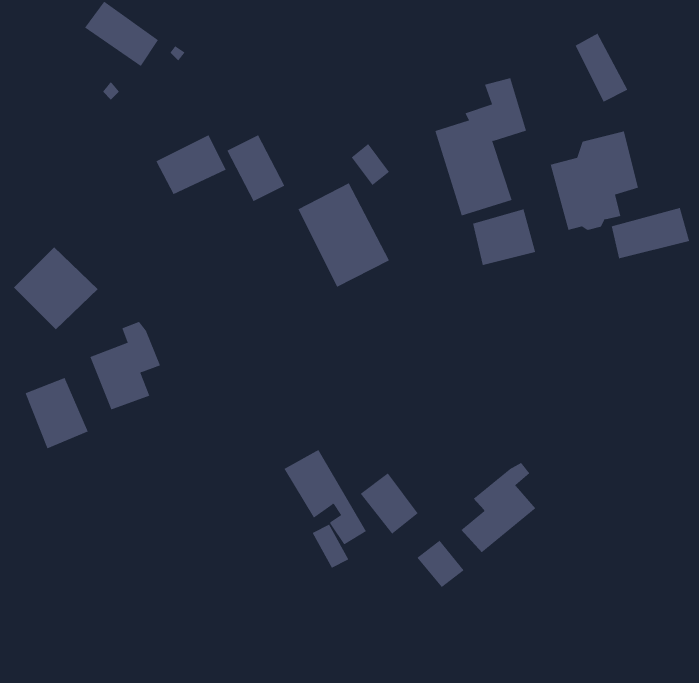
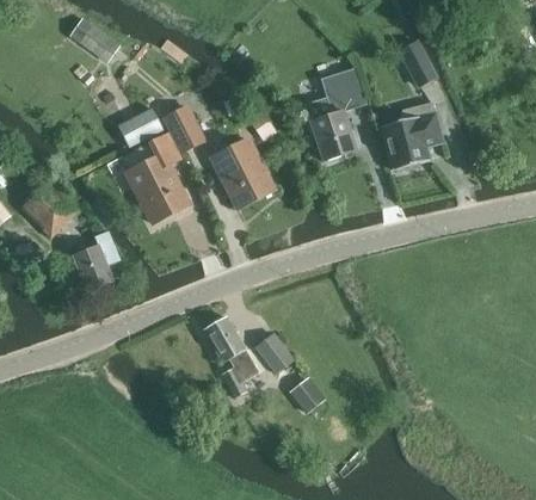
building: none -> [124,132,189,223]
building: [611,207,690,259] -> none
building: [472,208,536,266] -> none
building: [25,377,89,449] -> none
building: [460,462,536,553] -> none

